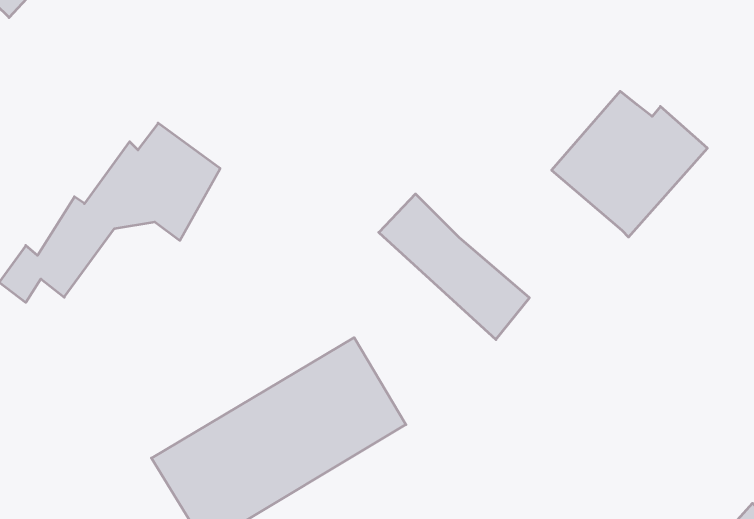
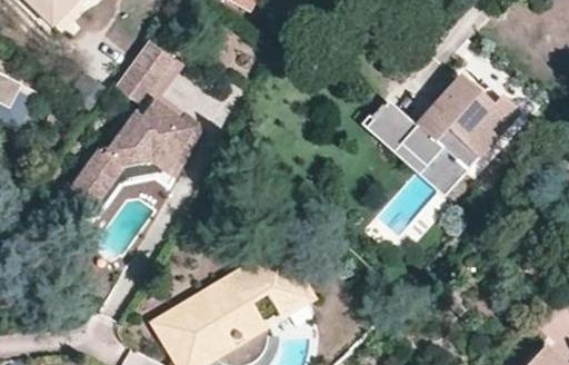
building: none -> [117,37,178,102]
building: [379,194,529,340] -> [362,98,462,195]

